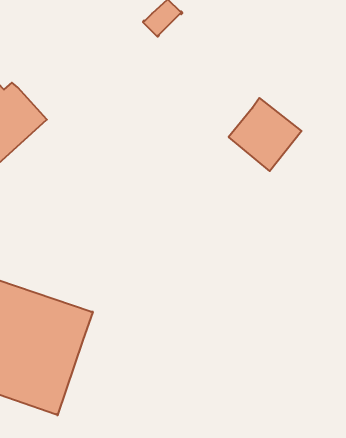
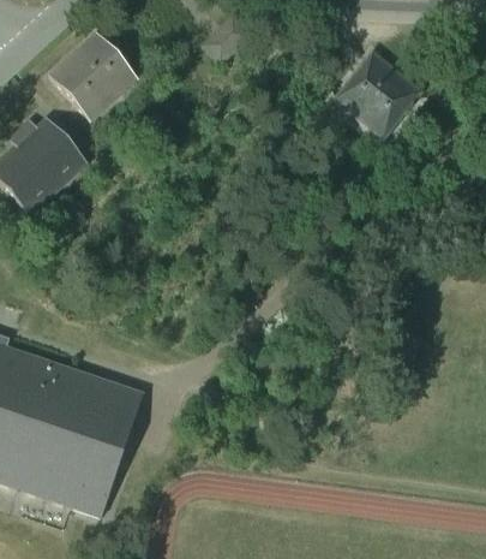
building: none -> [47,31,136,120]
building: [229,98,302,171] -> [332,50,420,138]

